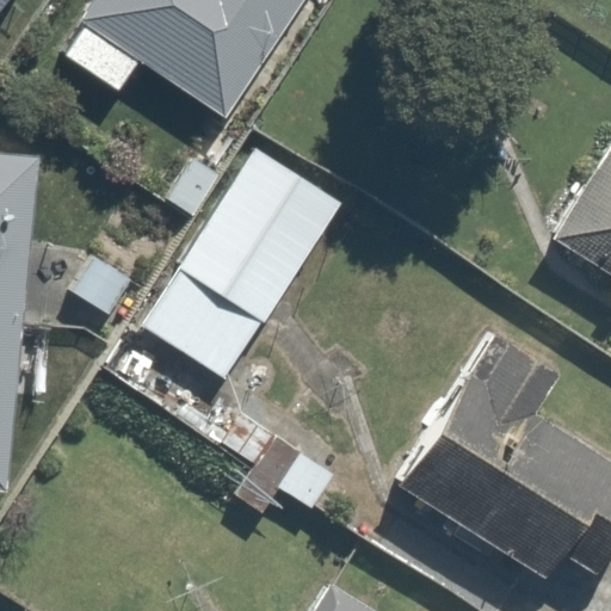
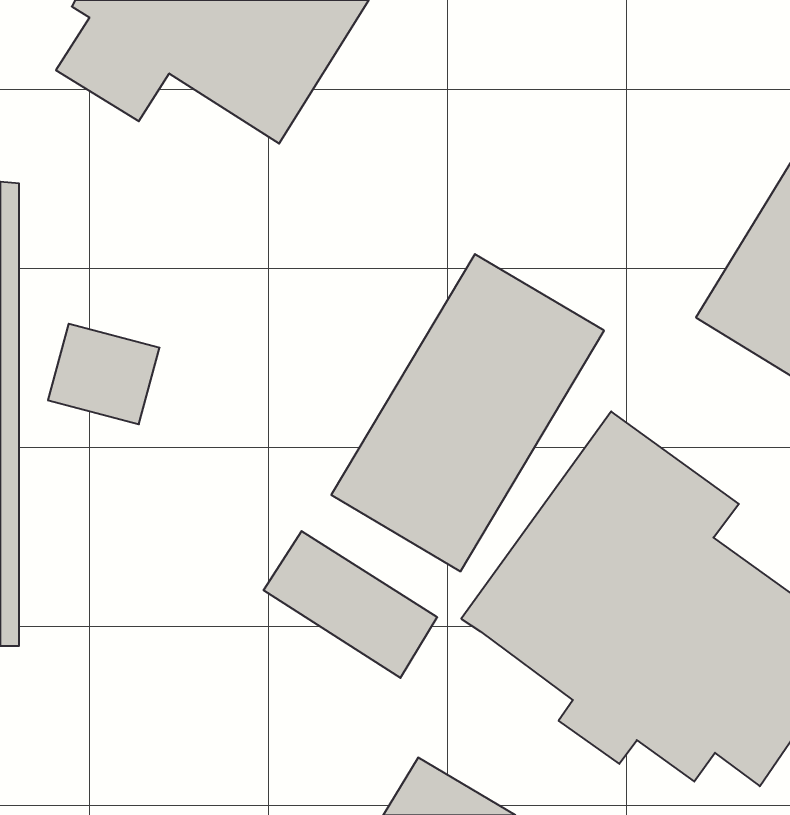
building: [144,149,348,387] -> [331,254,604,571]

